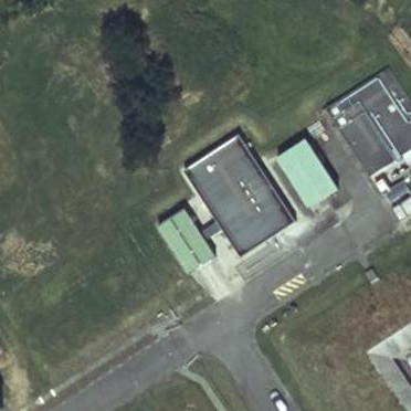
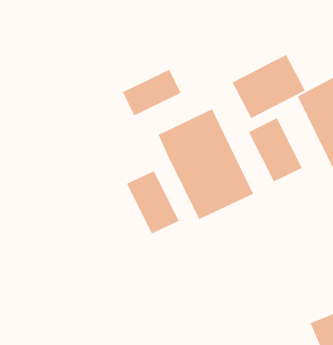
building: none -> [232,54,306,119]
building: none -> [122,69,182,116]

